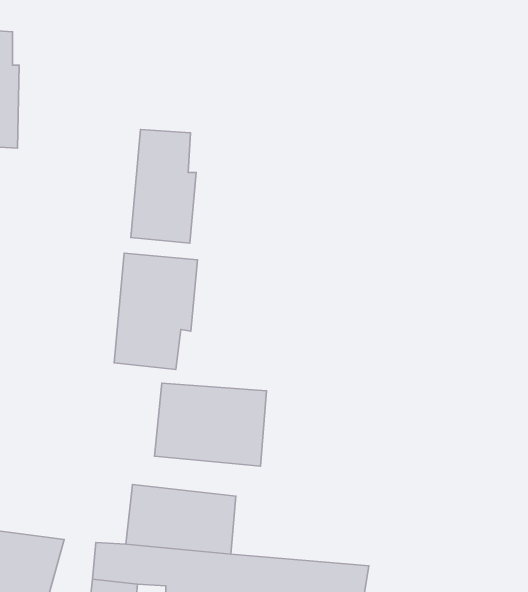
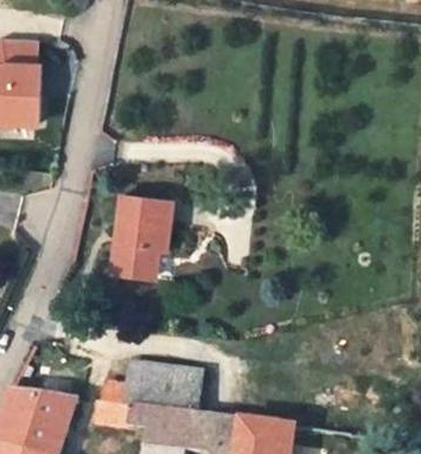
building: [131,129,196,243] -> none
building: [154,383,267,466] -> none

